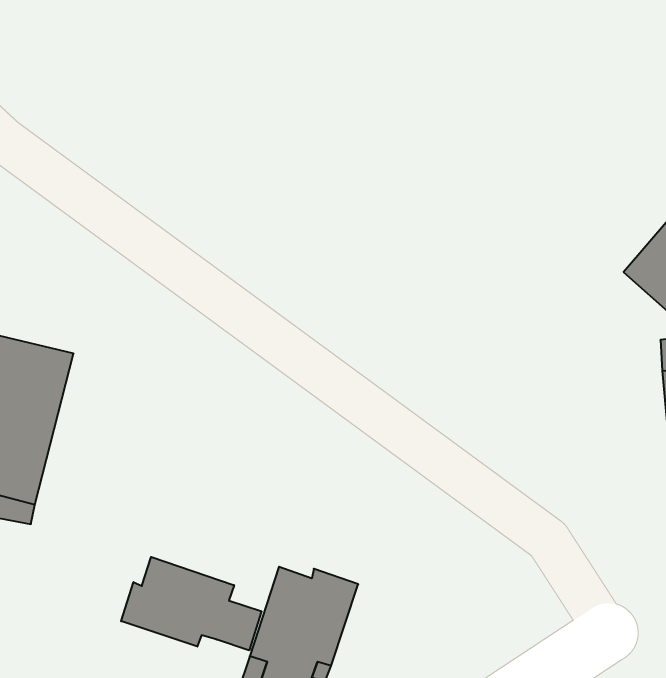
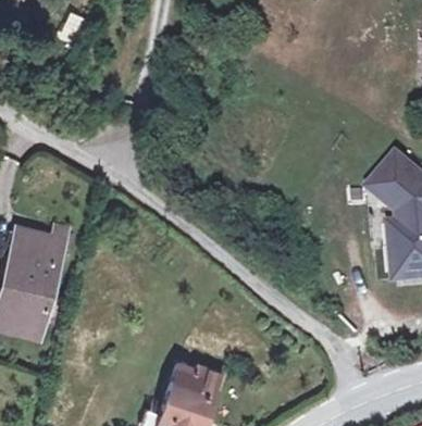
building: [121,557,262,650] -> none

